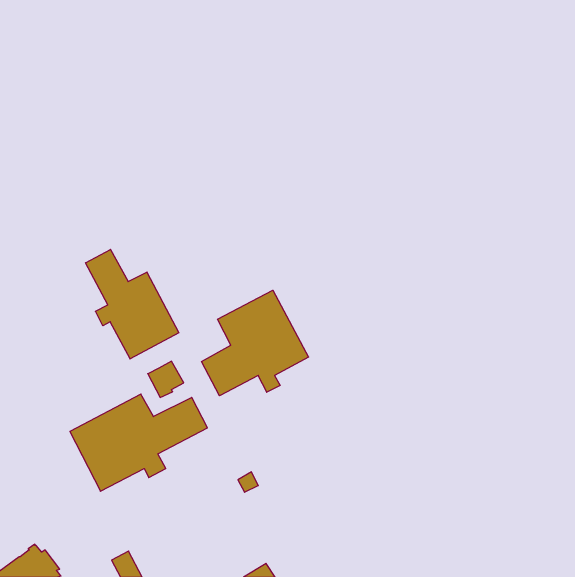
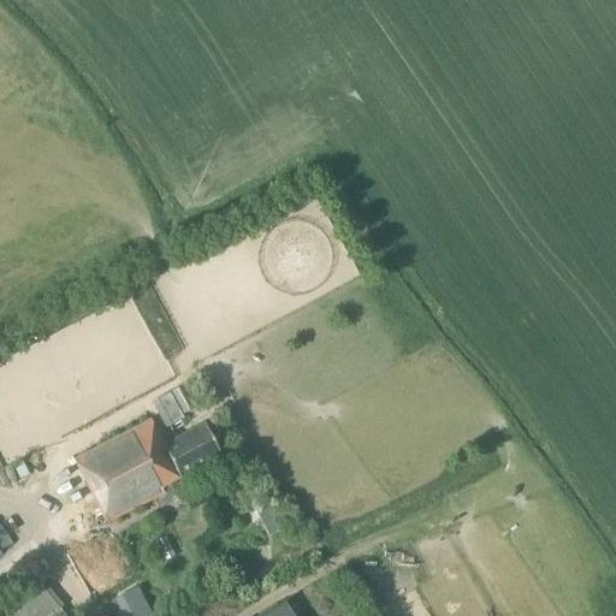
building: [86,249,179,359] -> none
building: [202,290,309,396] -> none

